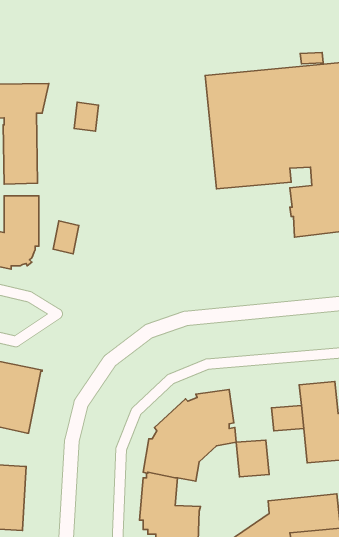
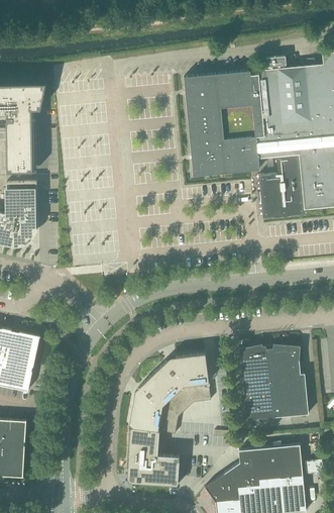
building: [74,102,98,131] -> none
building: [53,221,79,254] -> none
building: none -> [240,346,268,370]
building: [236,440,269,477] -> [244,388,273,420]

